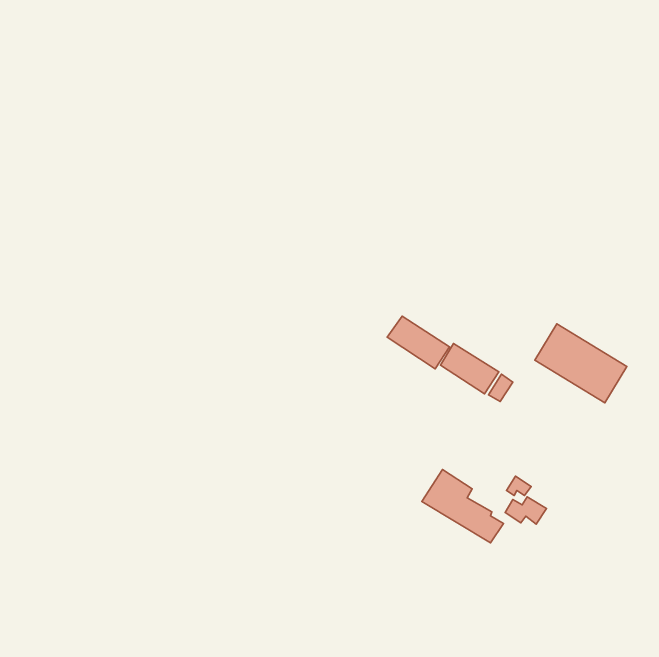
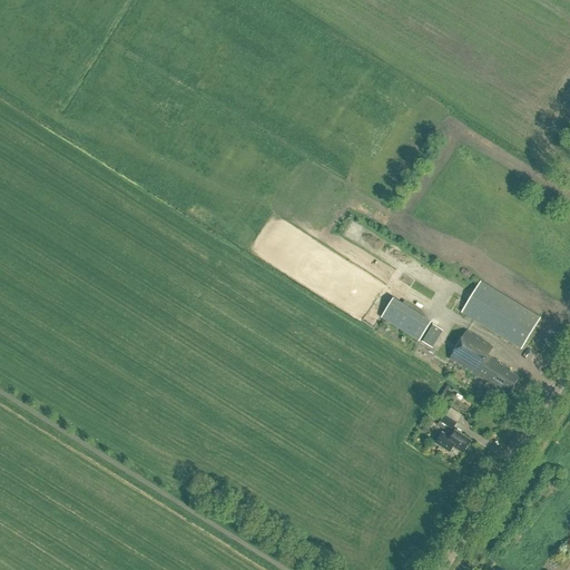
building: [387,316,449,369] -> none
building: [422,469,503,543] -> [449,330,519,393]

